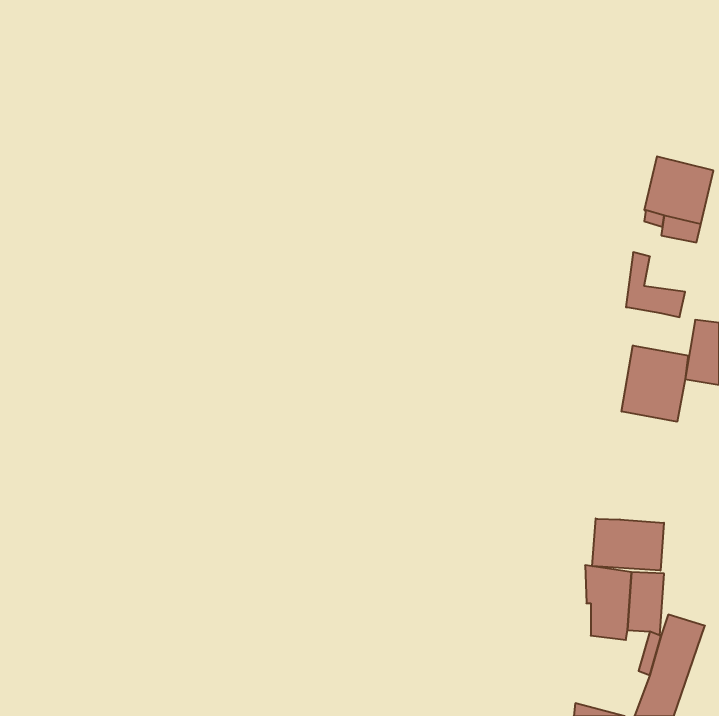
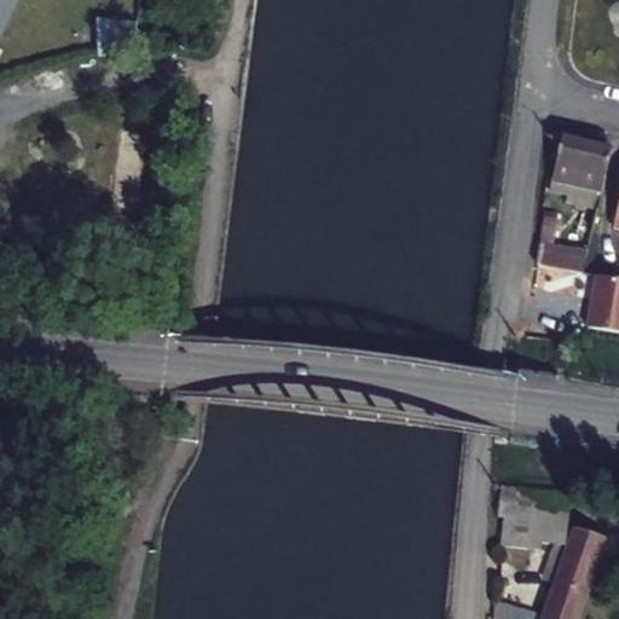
building: [622,345,689,422] -> none
building: [592,518,664,571] -> none

